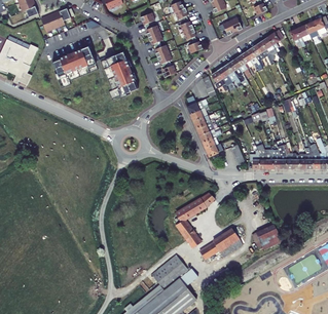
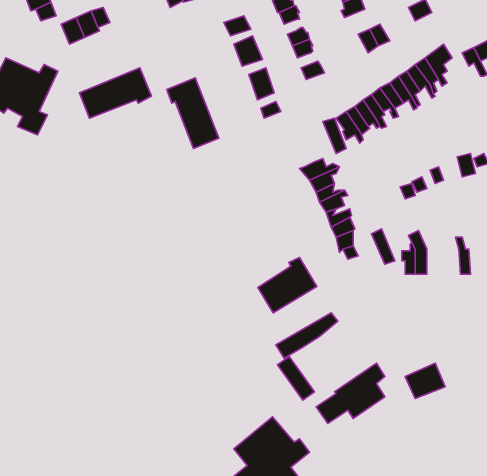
building: none -> [258,258,317,313]

